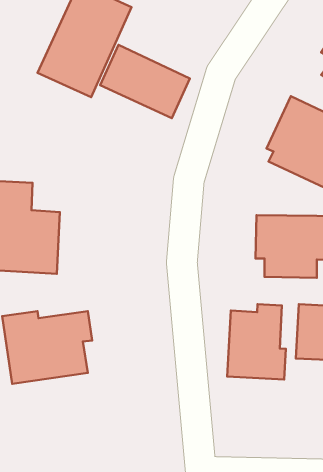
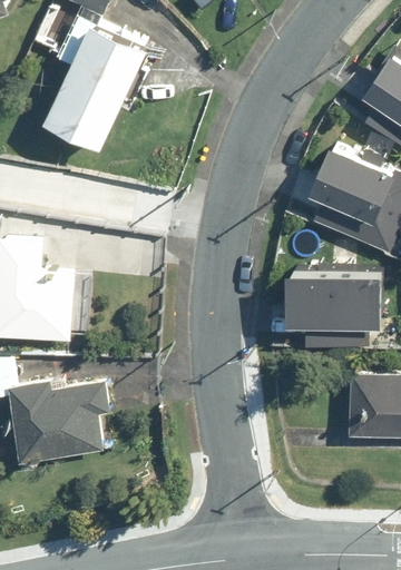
building: [100,45,190,118] -> none
building: [227,304,286,380] -> none

